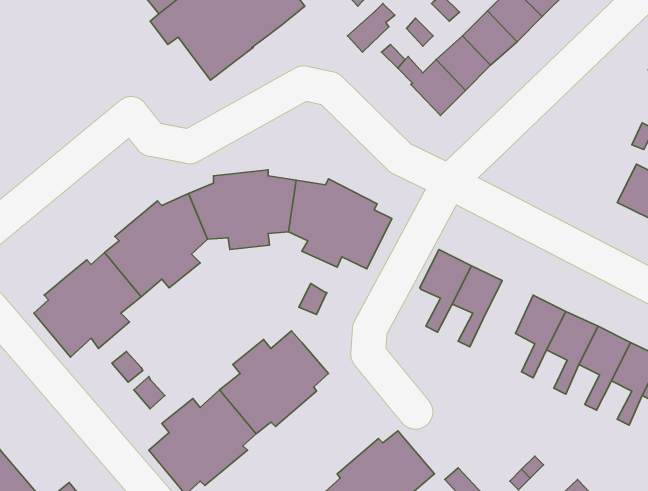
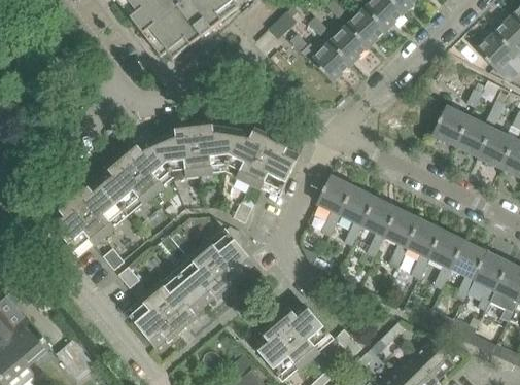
building: none -> [435,107,470,144]
building: none -> [362,199,397,256]

